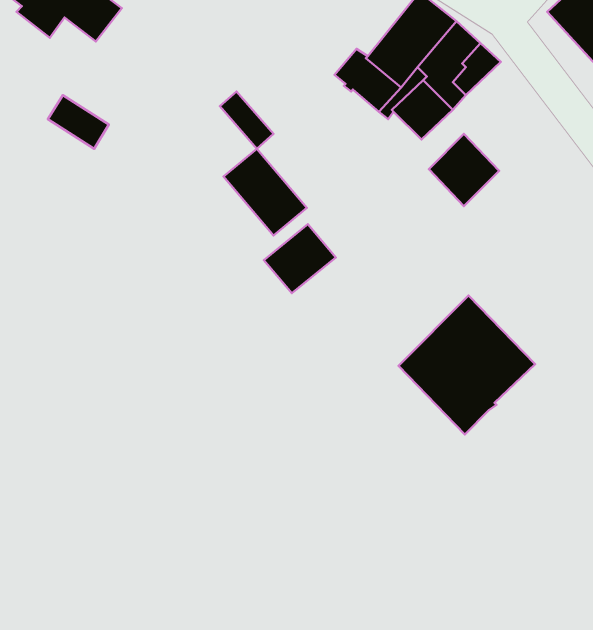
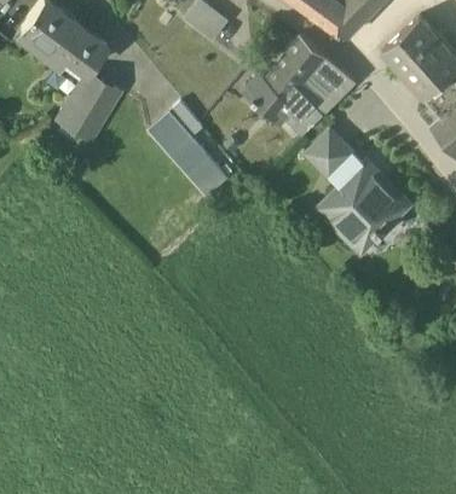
building: none -> [68,74,117,124]
building: none -> [149,112,195,158]
building: [264,224,336,293] -> none
building: [398,296,535,434] -> [319,162,409,252]

